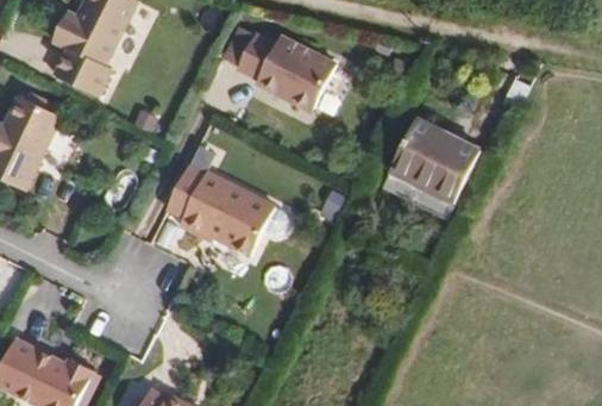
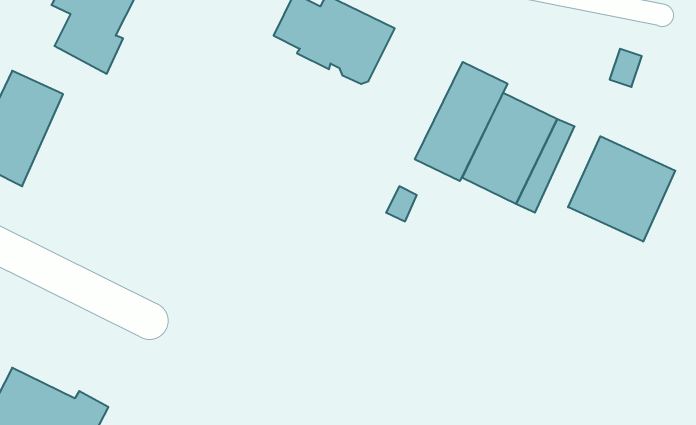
building: none -> [415,62,507,181]
building: none -> [568,136,675,242]
building: [164,165,286,254] -> none

